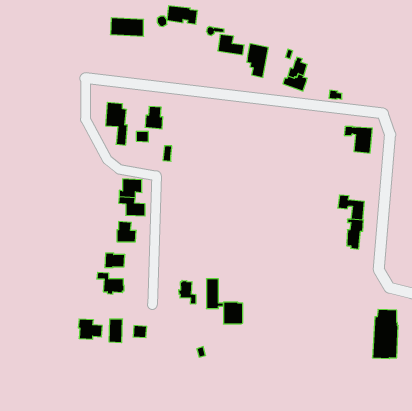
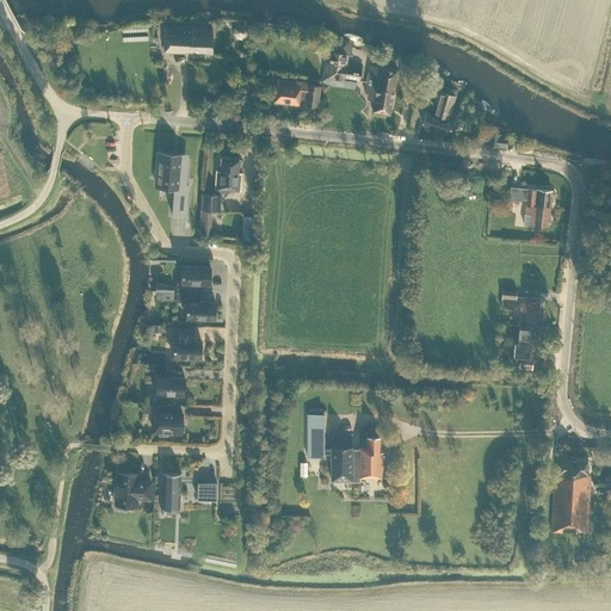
building: [167,6,198,24] -> [274,80,320,107]
building: [179,280,196,304] -> none
building: none -> [359,438,383,480]

